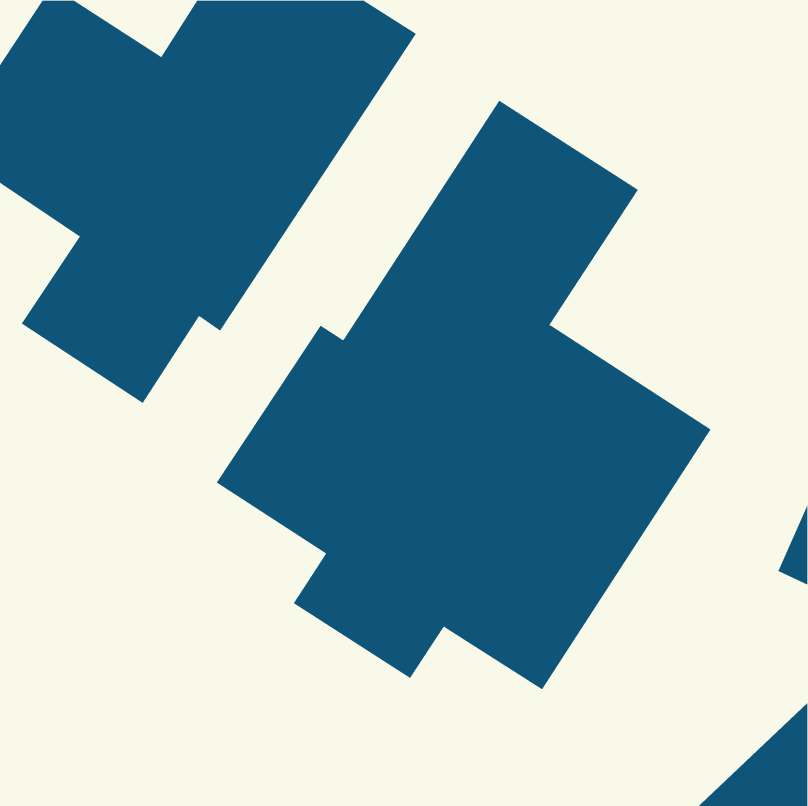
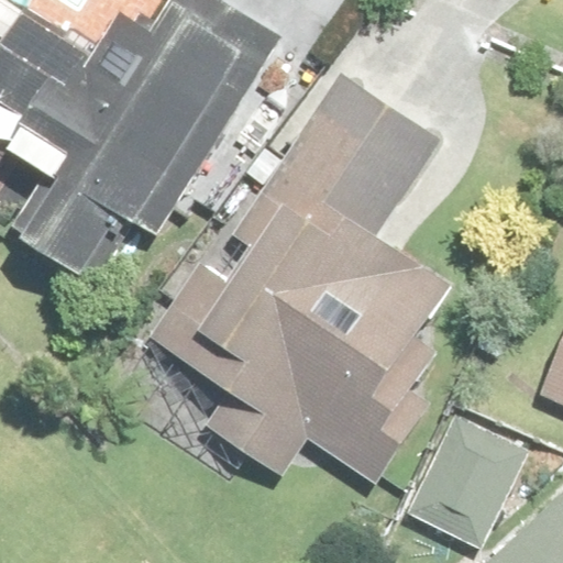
building: none -> [407,415,523,545]

